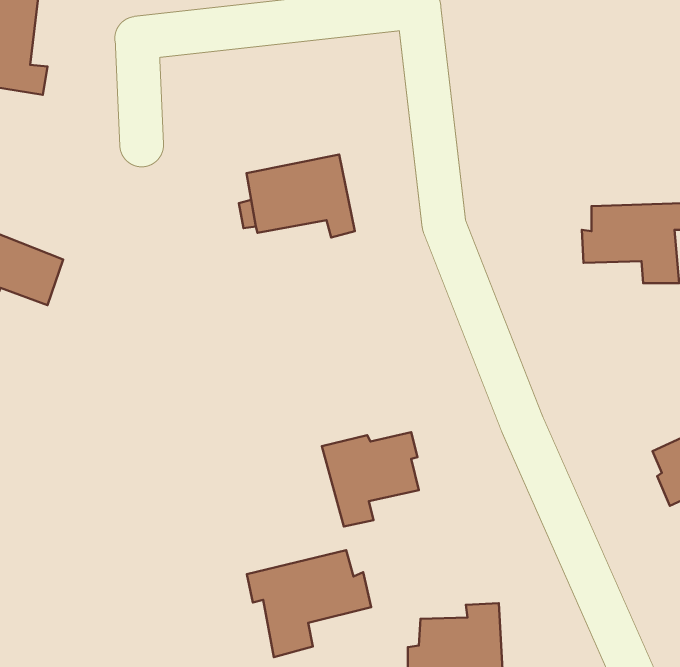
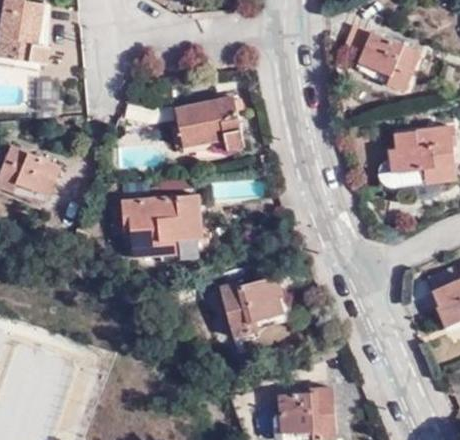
building: none -> [356,32,416,90]
building: none -> [119,194,197,261]
building: [247,550,371,657] -> none

